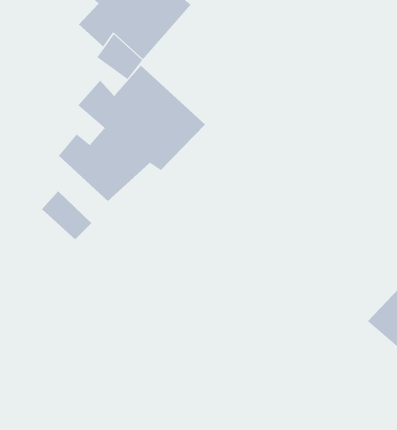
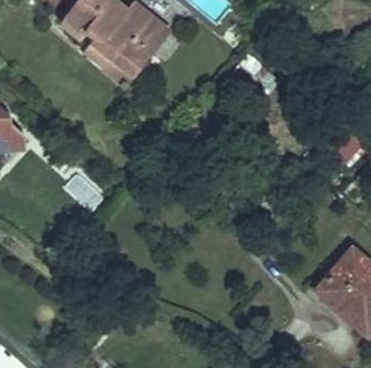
building: [58,65,206,202] -> none

